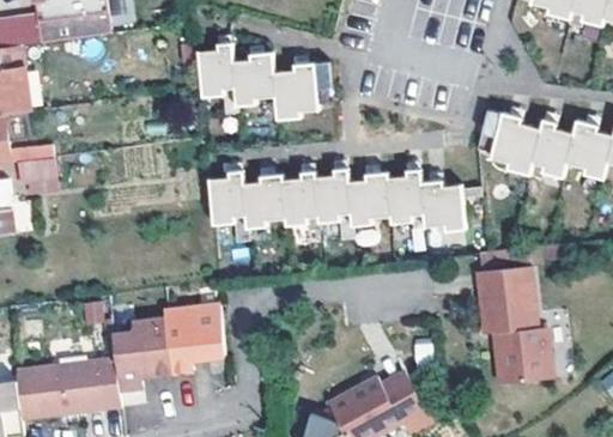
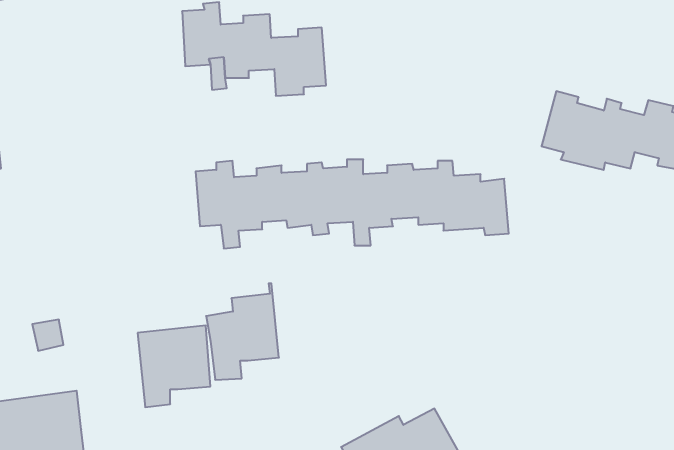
building: [479,267,552,384] -> none
building: [111,310,170,388] -> [206,283,279,380]

